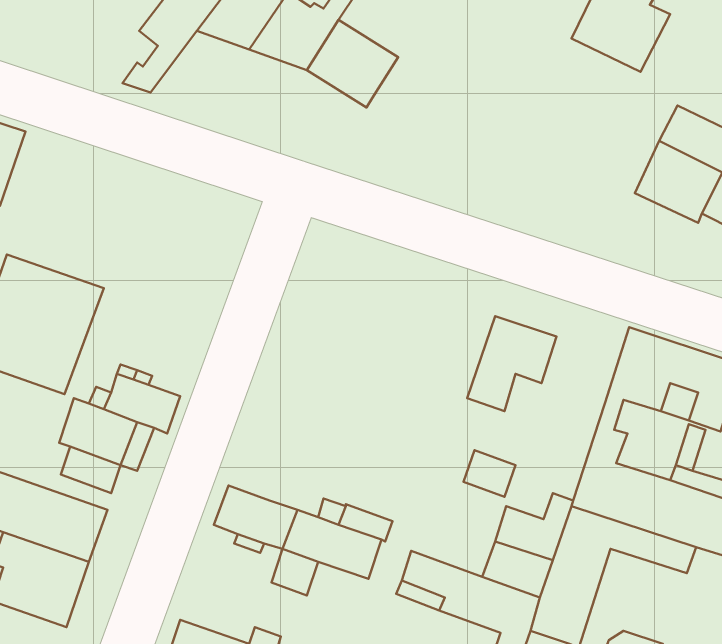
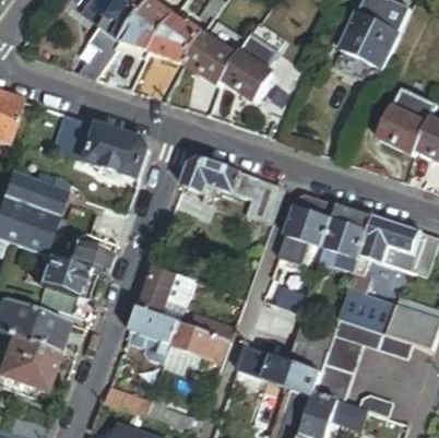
building: none -> [223,35,277,102]
building: none -> [55,115,149,179]
building: none -> [182,158,284,224]
building: none -> [322,203,373,260]
building: none -> [139,267,197,317]

